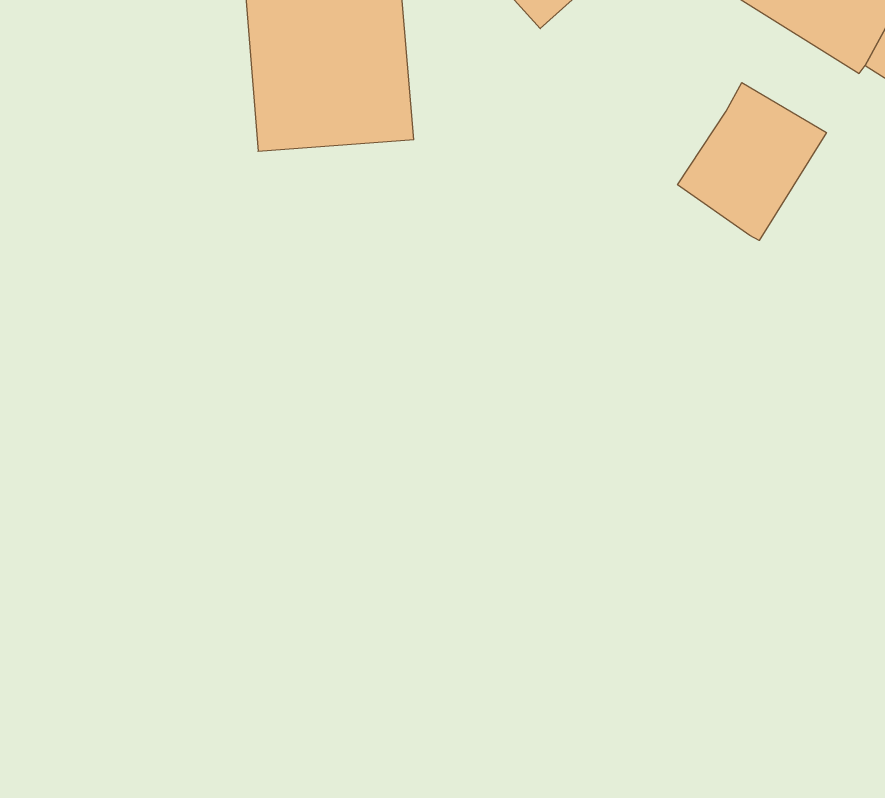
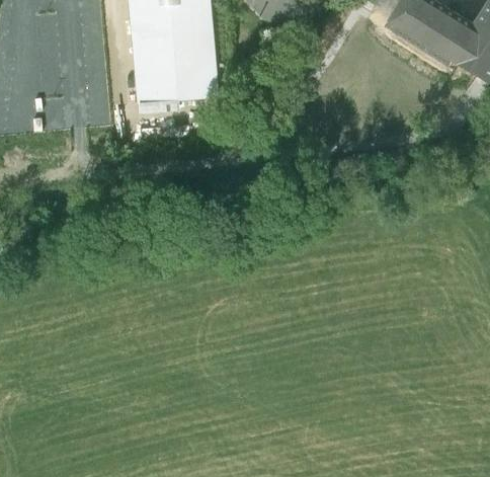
building: [678,83,826,240] -> none

